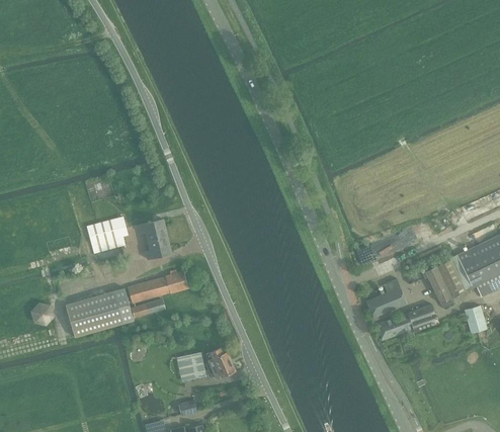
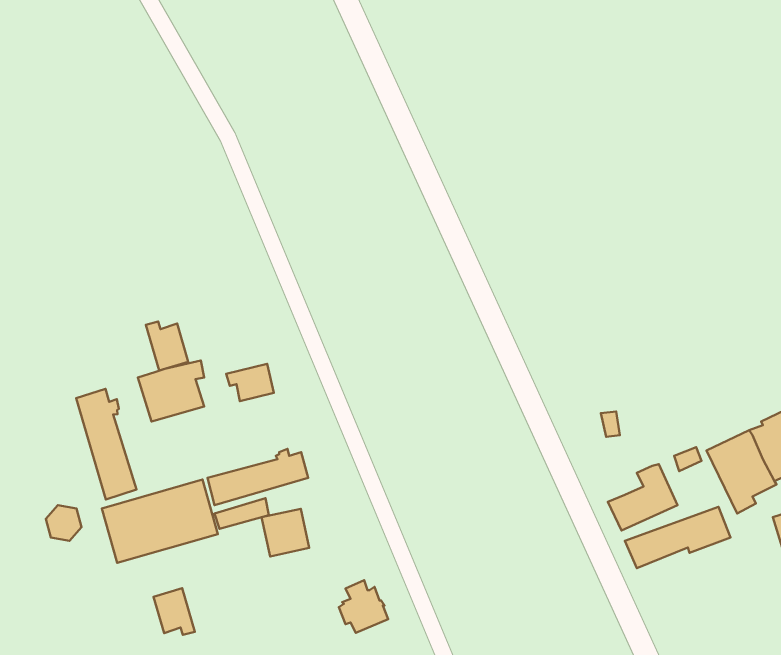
building: none -> [146,322,188,371]
building: none -> [76,389,137,500]
building: [145,236,171,258] -> none
building: none -> [154,588,195,635]
building: [177,352,205,380] -> [262,509,309,556]

